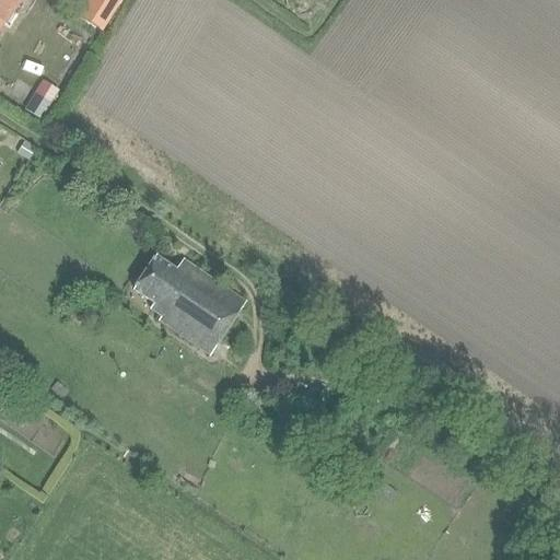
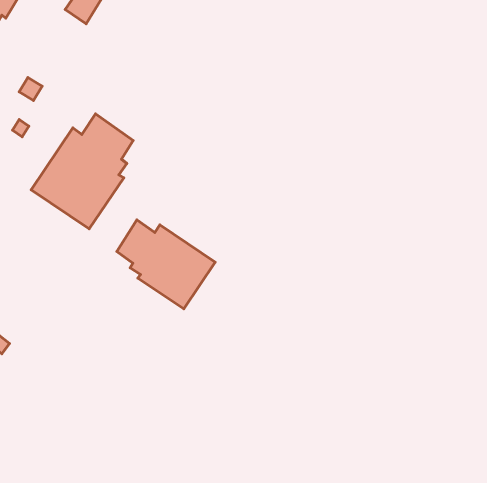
building: none -> [31,114,133,229]

